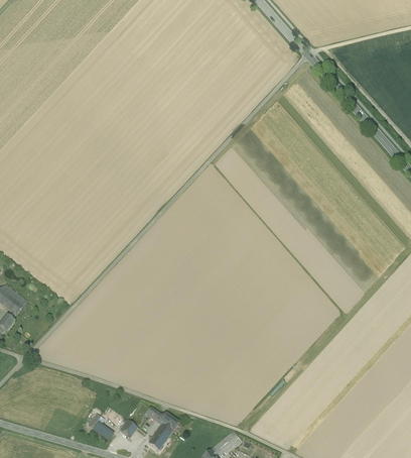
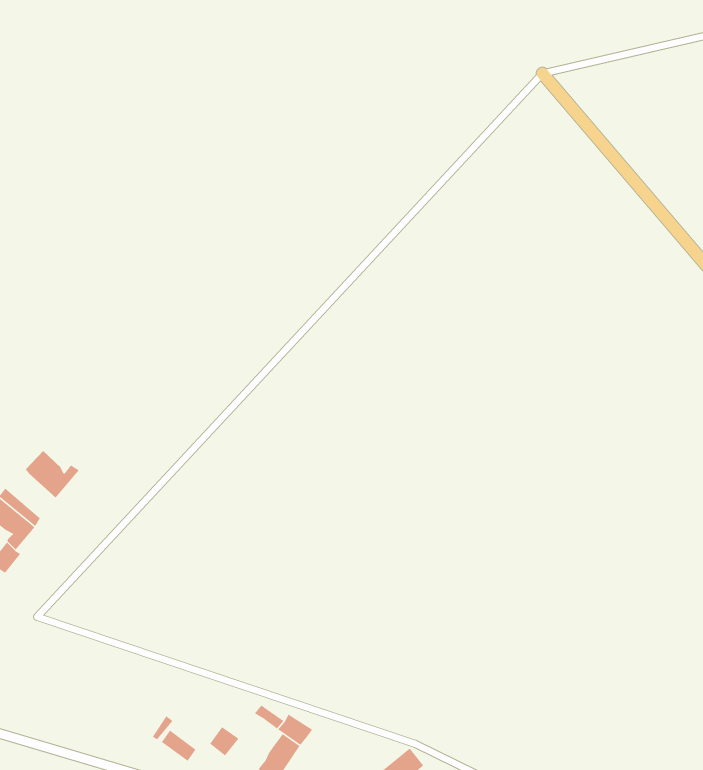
building: none -> [25,450,80,499]

